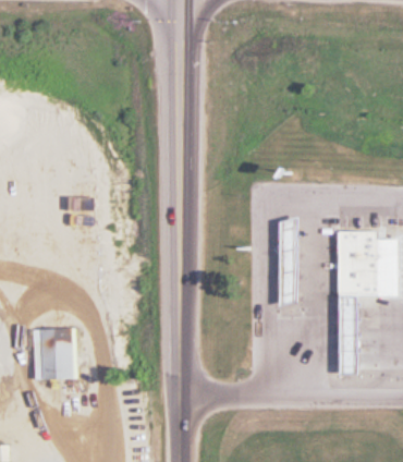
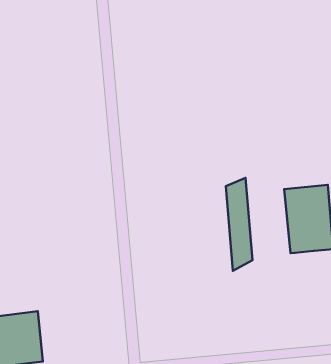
building: [341,297,361,376] -> none

